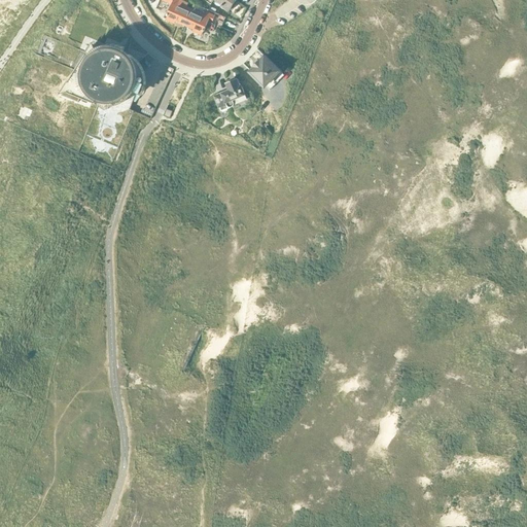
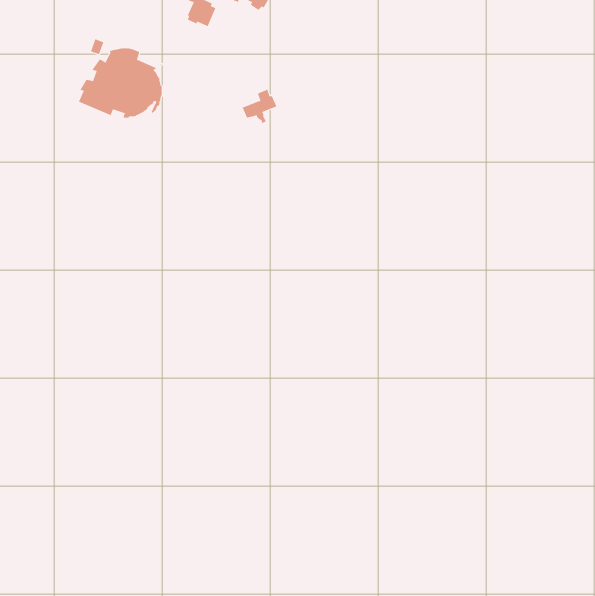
building: [183,6,224,33] -> none
building: [249,55,279,84] -> none

